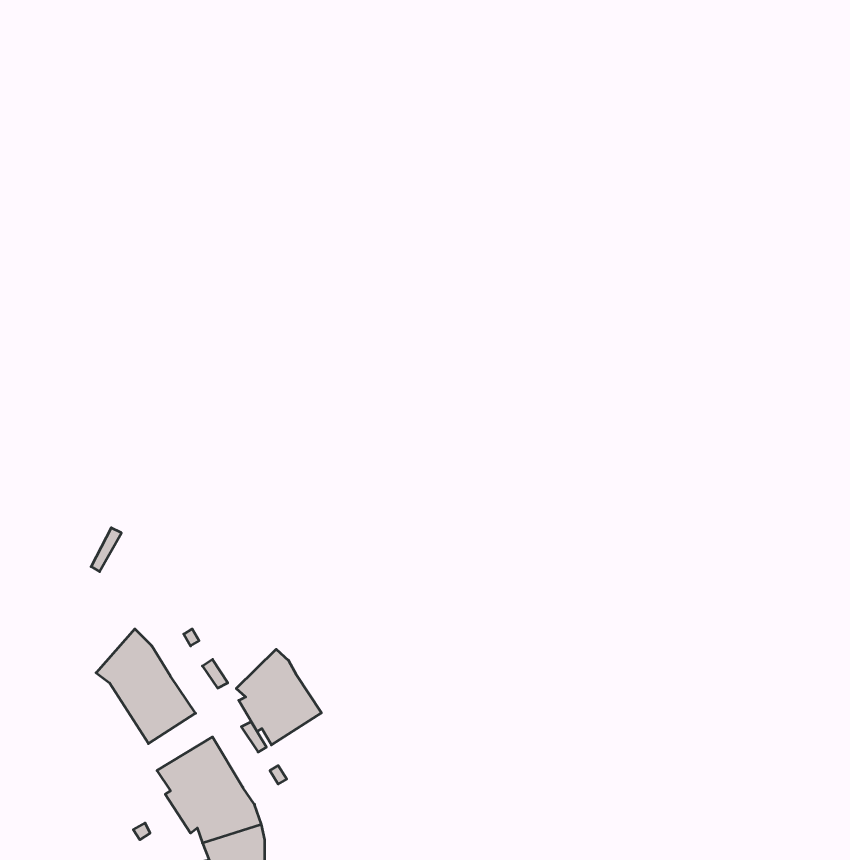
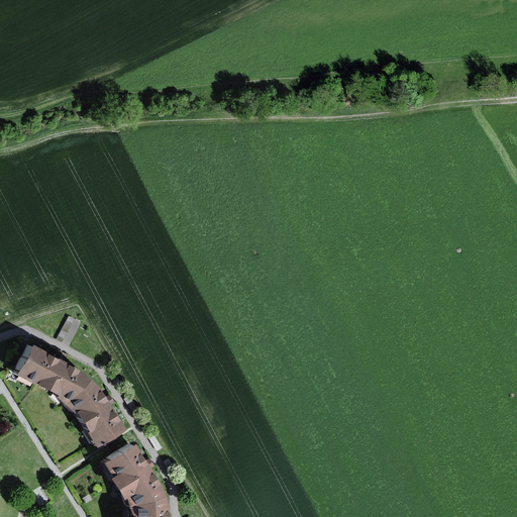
building: none -> [16,344,88,404]
building: [236,649,321,745] -> none

